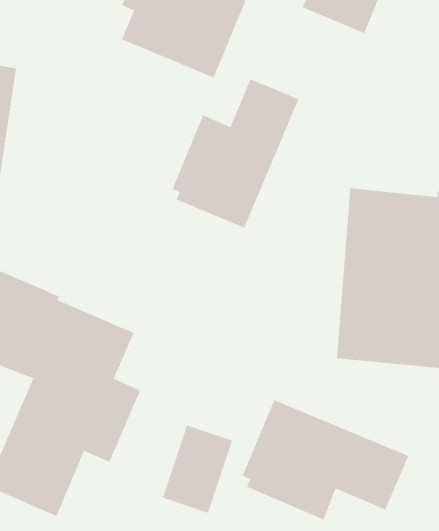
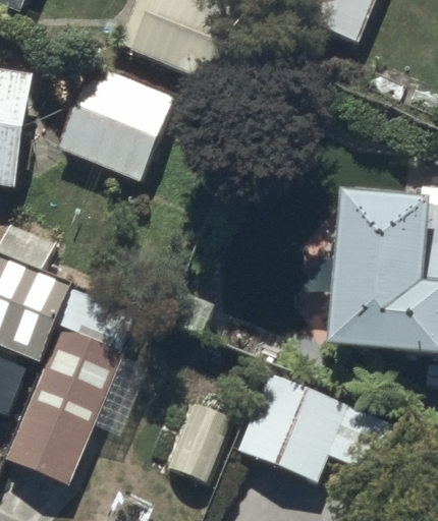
building: none -> [55,66,174,182]
building: [172,79,299,228] -> none

